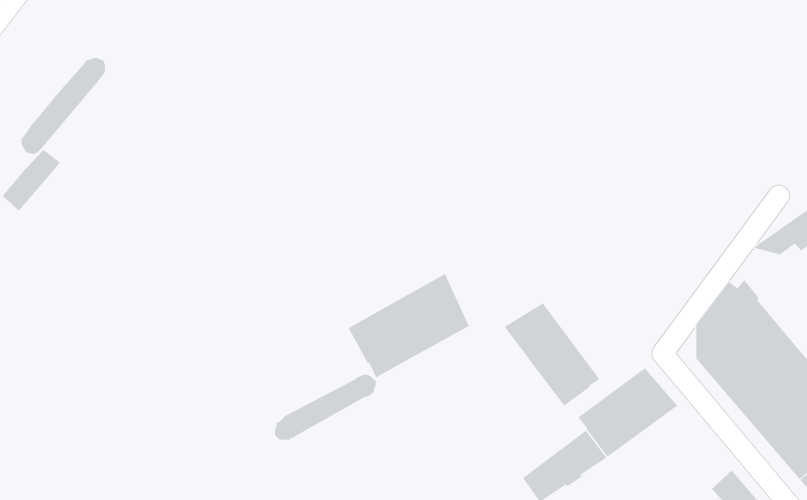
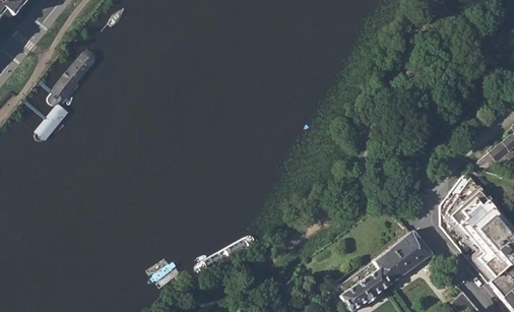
building: [348,273,469,378] -> none
building: [504,303,600,407] -> none

